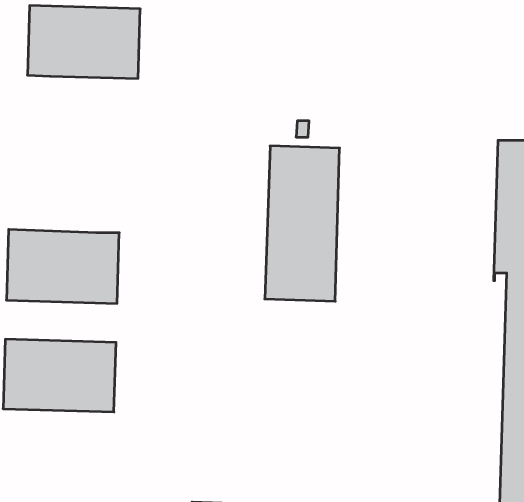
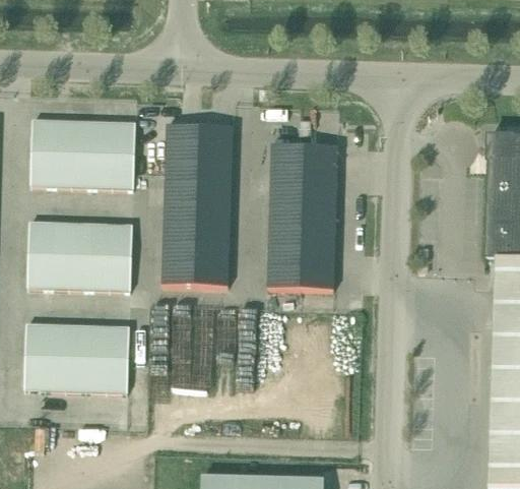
building: [27,6,140,78] -> [29,120,135,188]
building: none -> [162,124,233,286]

